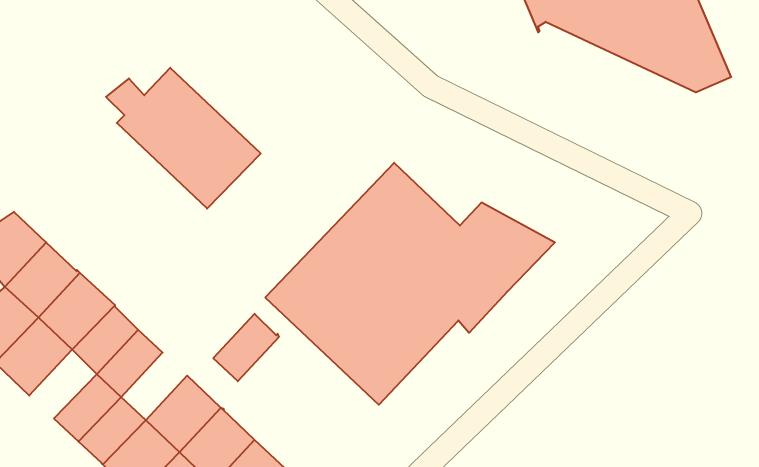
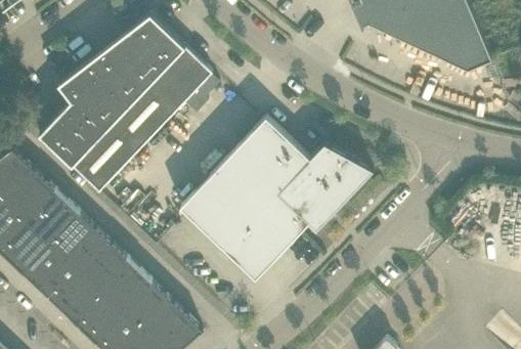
building: none -> [116,13,212,111]
building: none -> [38,73,140,192]
building: [213,314,279,381] -> [83,244,127,289]
building: none -> [21,242,67,288]

